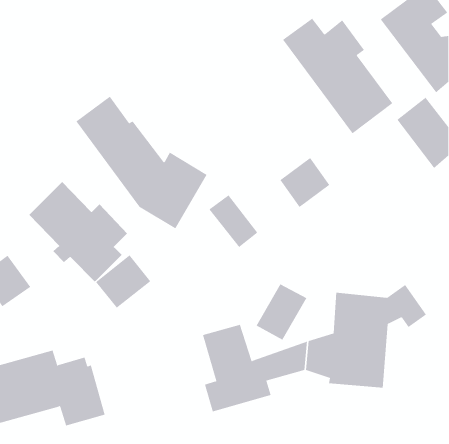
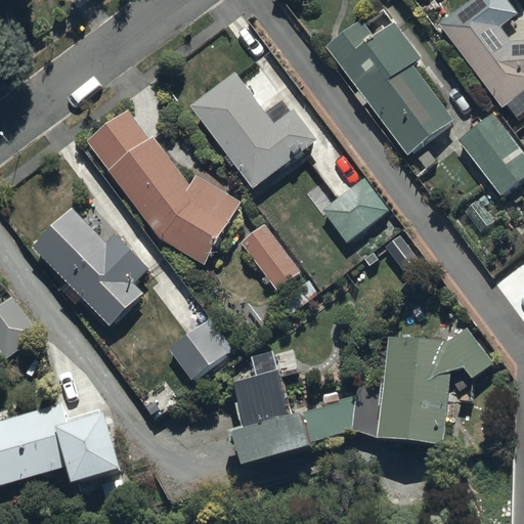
building: none -> [189,73,316,188]
building: [95,254,151,309] -> [167,315,231,378]
building: [256,283,307,340] -> none

